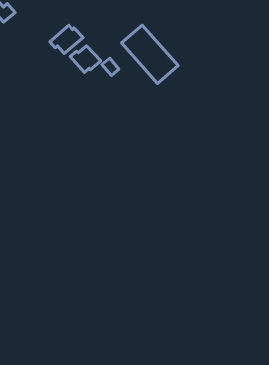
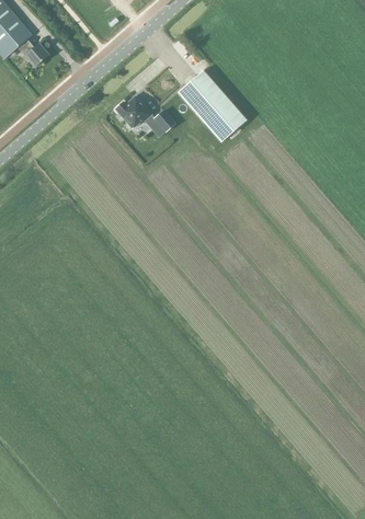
building: [50,25,83,54] -> none

